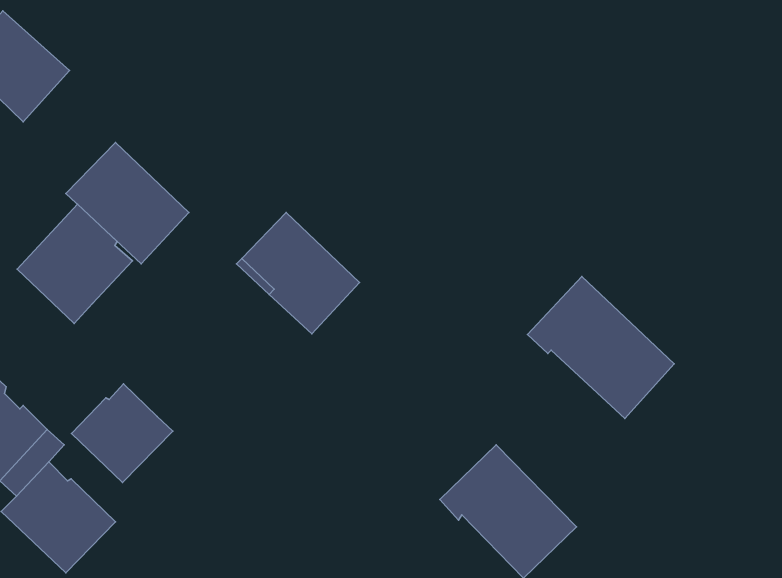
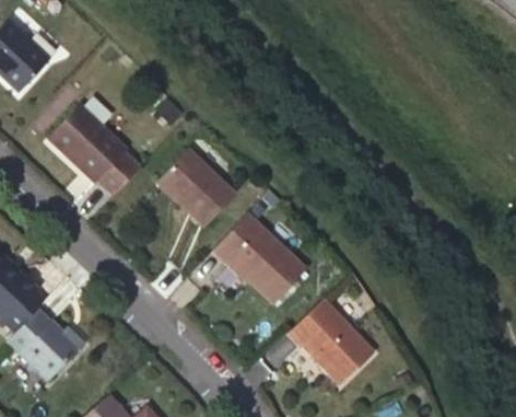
building: [17,204,132,323] -> none
building: [527,277,674,418] -> [215,211,309,302]
building: [71,384,173,483] -> none

